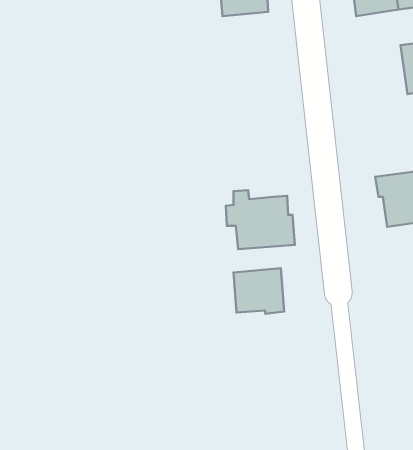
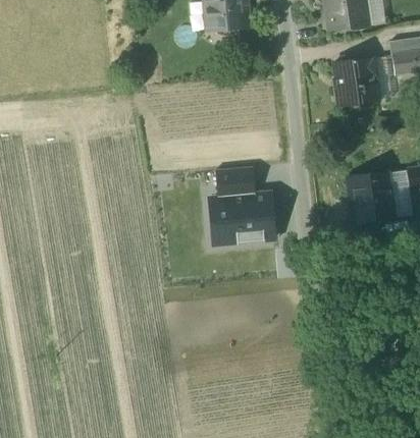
building: none -> [333,57,376,107]
building: none -> [215,167,254,198]
building: [234,268,284,314] -> none

